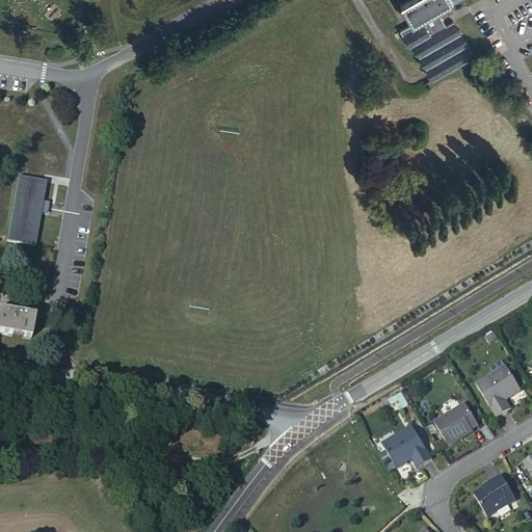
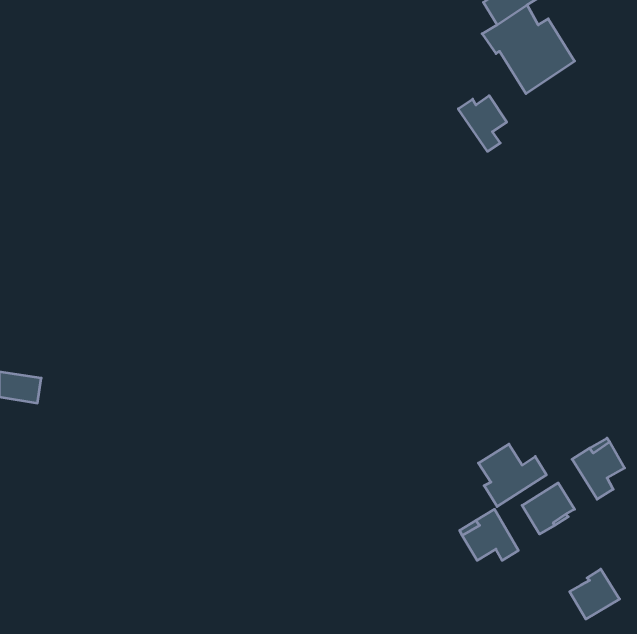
building: none -> [458,96,507,151]
building: [6,176,44,242] -> none
building: none -> [478,444,546,507]

